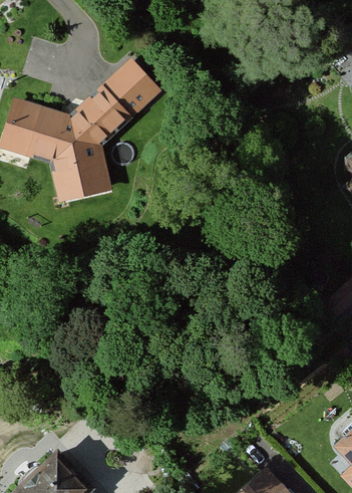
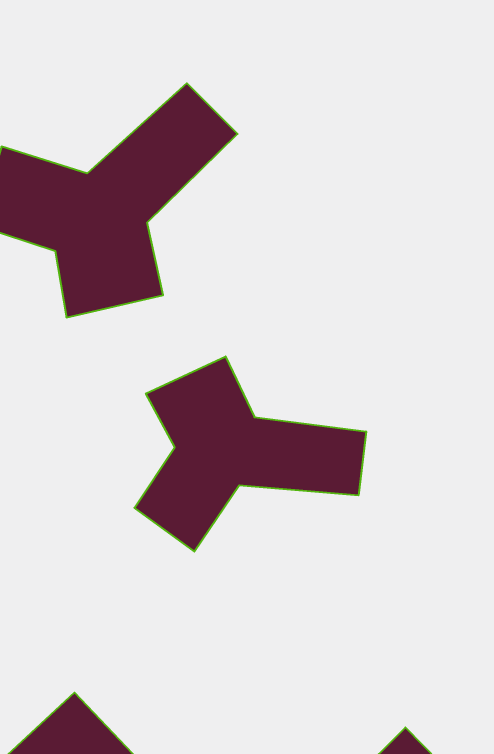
building: none -> [134,356,366,552]

